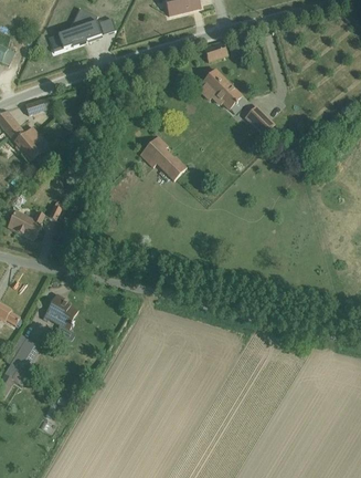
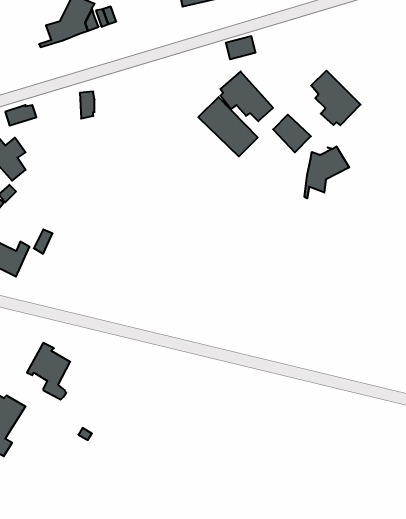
building: none -> [311,71,361,125]
building: none -> [305,146,349,198]
building: [139,137,188,186] -> [198,97,258,156]

